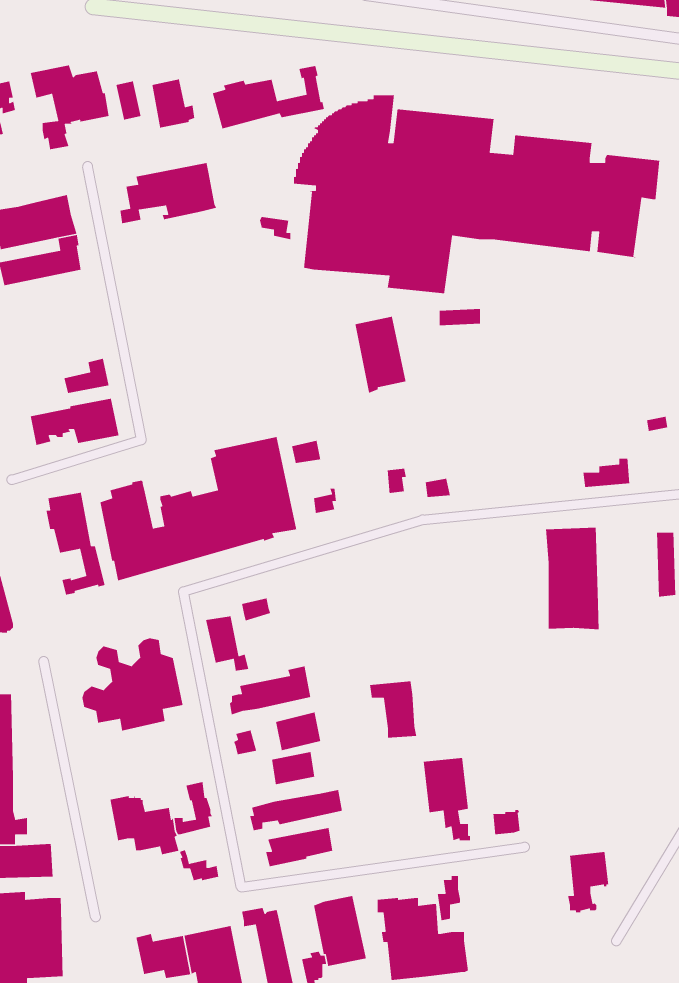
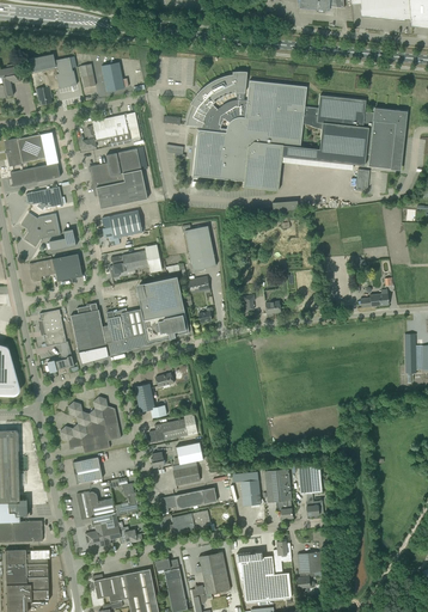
building: [212,65,325,129] -> none
building: none -> [90,148,147,208]
building: none -> [25,186,63,210]
building: [355,316,407,394] -> [185,226,216,273]
building: none -> [102,210,142,241]
building: none -> [20,213,61,246]
building: none -> [110,245,161,274]
building: [545,527,600,630] -> none
building: [369,681,417,738] -> [232,471,261,506]
building: none -> [72,458,103,483]
building: none -> [298,465,322,494]
building: none -> [85,522,121,546]
building: [567,851,609,913] -> [296,551,322,588]

